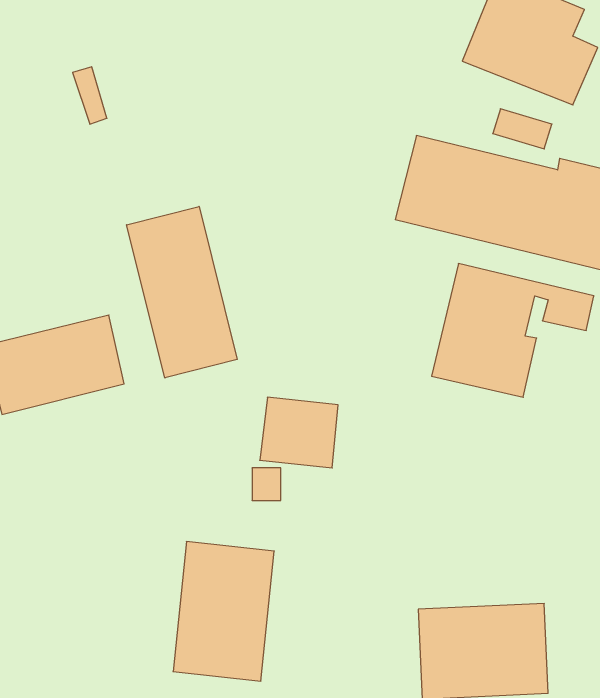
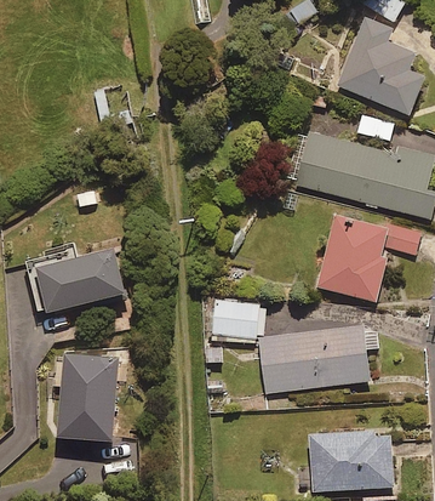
building: [127,206,237,378] -> none
building: none -> [259,324,377,393]
building: [173,542,274,681] -> [55,351,119,439]

